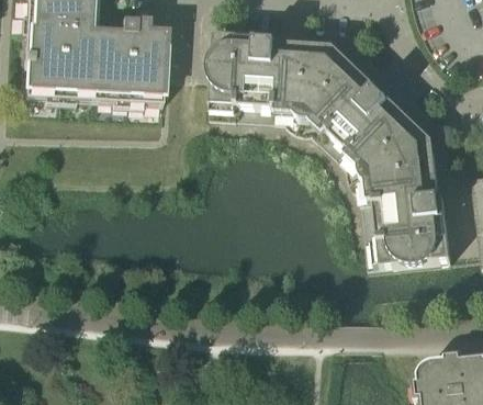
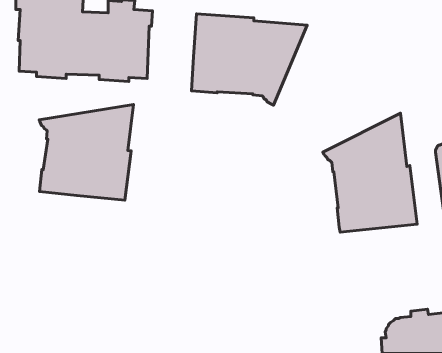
building: [301,46,437,182] -> none
building: none -> [39,105,133,200]

